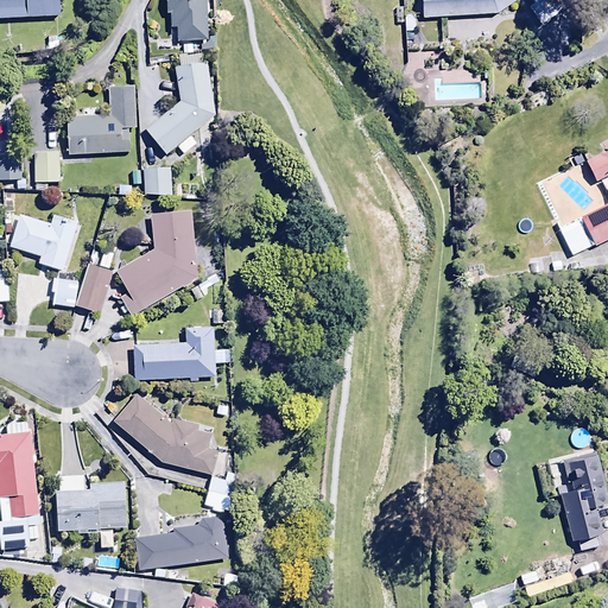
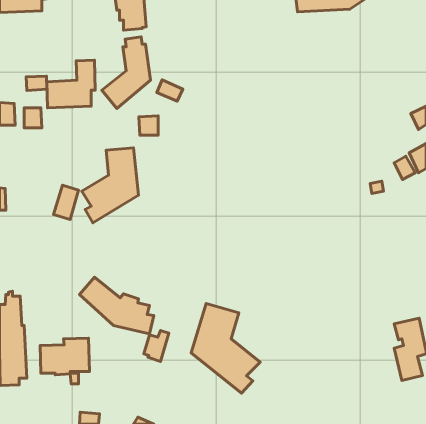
building: none -> [26,76,47,91]
building: none -> [157,80,183,101]
building: [144,167,171,195] -> [139,116,158,135]
building: [10,214,78,271] -> none
building: [52,278,78,306] -> none
building: [132,327,224,381] -> none
building: none -> [191,304,260,393]
building: [134,515,227,569] -> none

